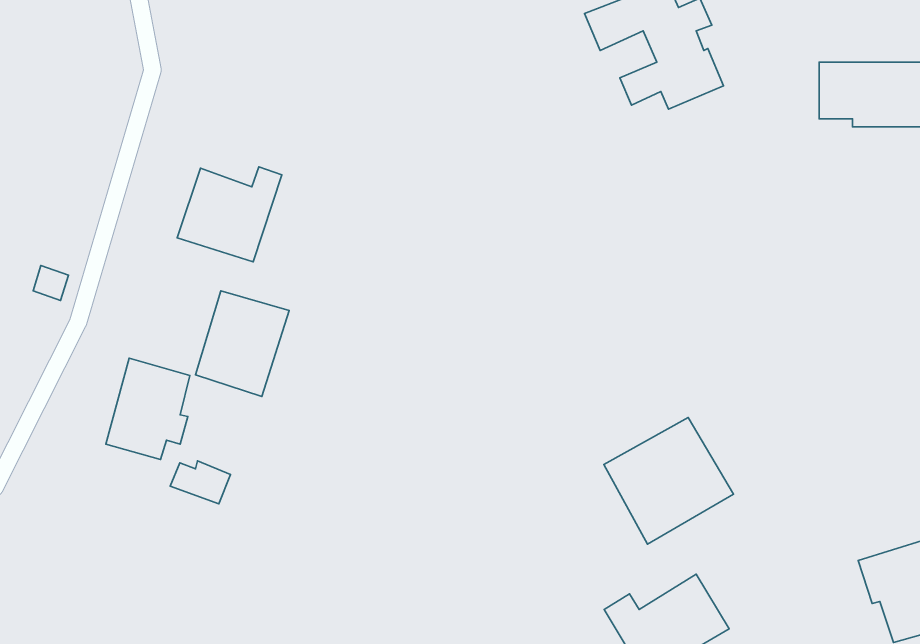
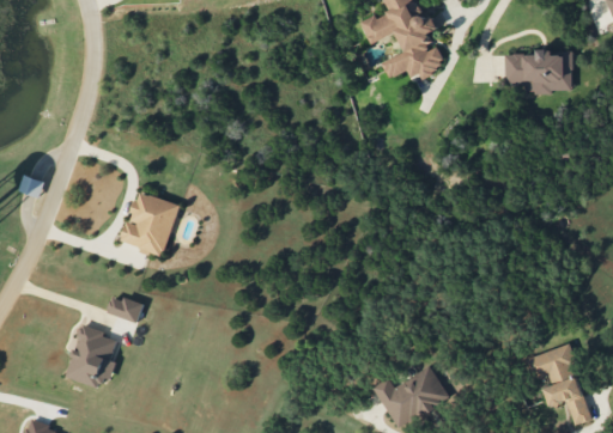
building: [177,167,282,262] -> none
building: [106,358,190,460] -> [66,325,117,388]
building: [604,417,733,544] -> none

